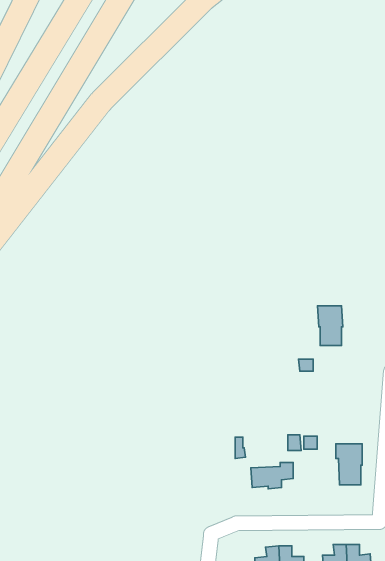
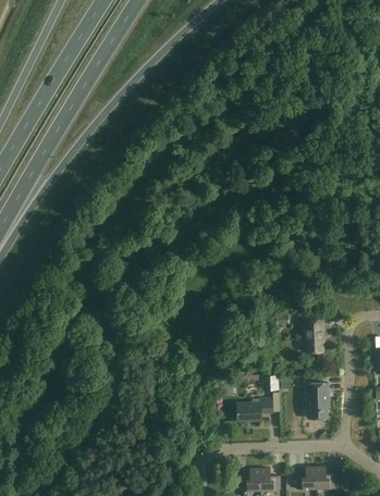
building: [318,306,343,345] -> [303,319,323,351]

